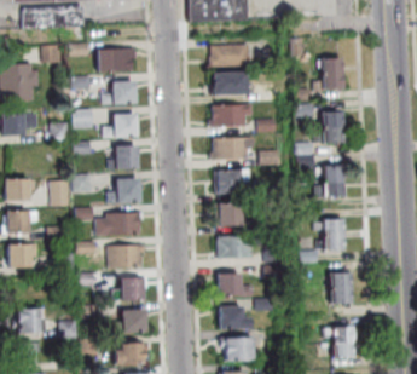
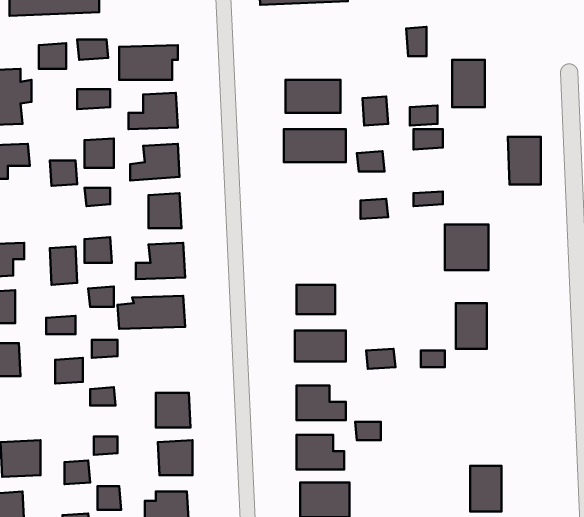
building: [207,44,245,64] -> none
building: [318,110,340,142] -> [508,137,541,184]
building: [208,136,250,157] -> none
building: [213,168,244,192] -> none
building: [106,244,143,266] -> none
building: [328,271,348,304] -> none

